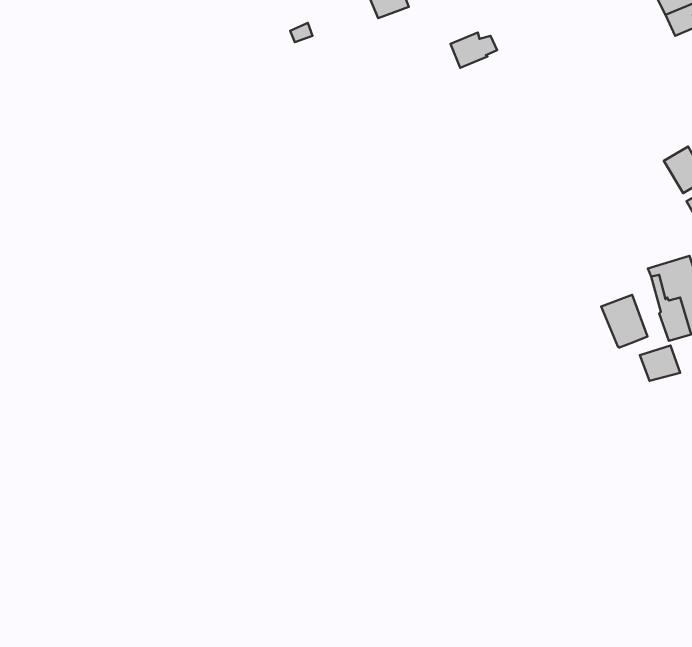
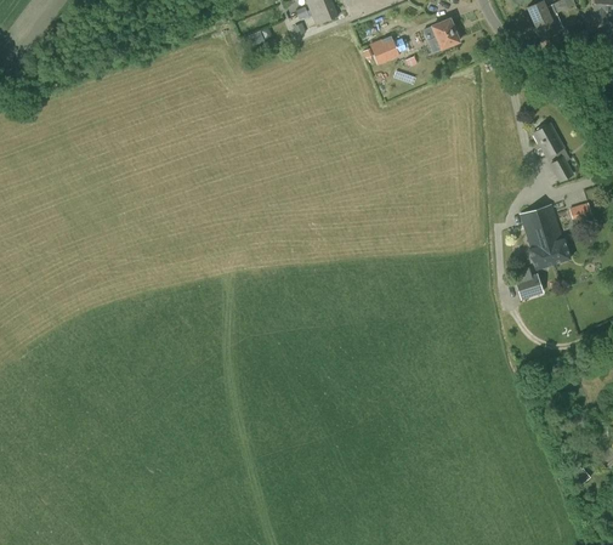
building: none -> [422,18,460,50]
building: [601,295,648,348] -> none

